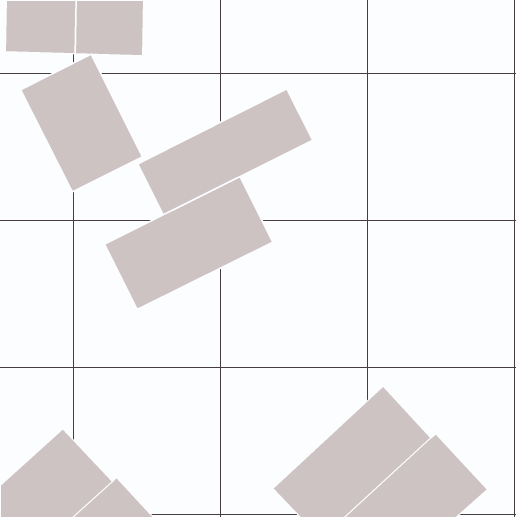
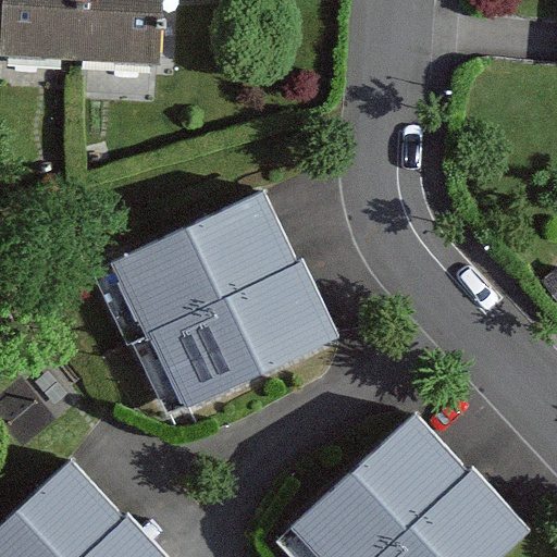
building: [21,54,143,192] -> none
building: [138,89,313,215] -> none
building: none -> [154,258,336,401]

